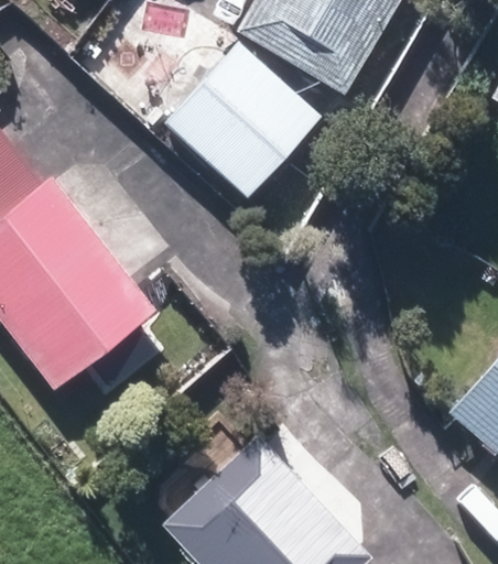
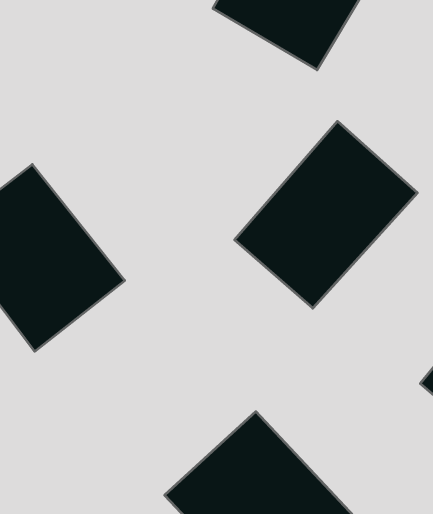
building: [165,39,323,196] -> none
building: none -> [235,121,417,308]

